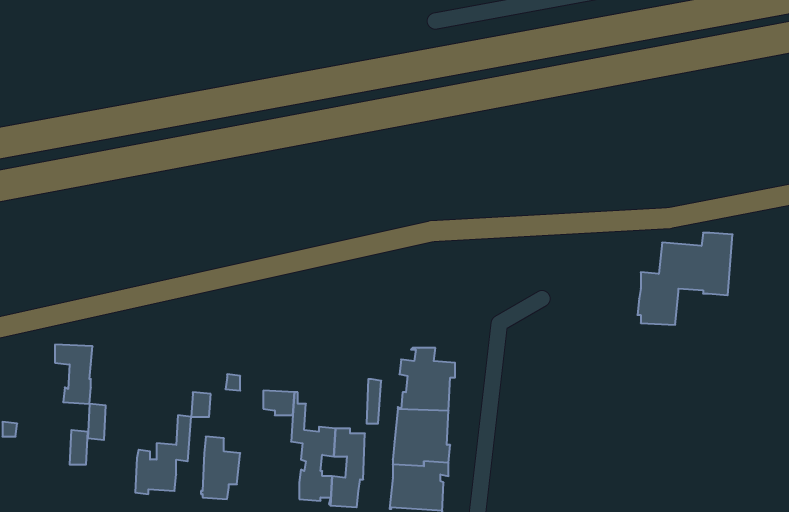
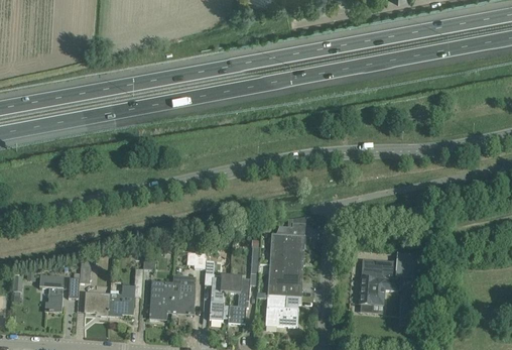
building: [637,233,733,325] -> [358,253,416,310]
building: [55,345,93,404] -> [39,275,62,312]
building: none -> [170,275,195,314]
building: none -> [84,288,110,315]

